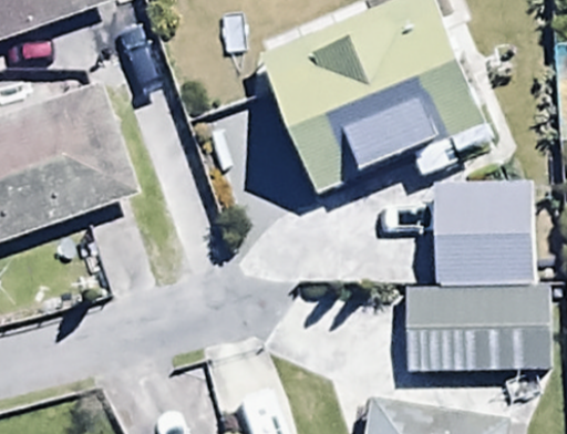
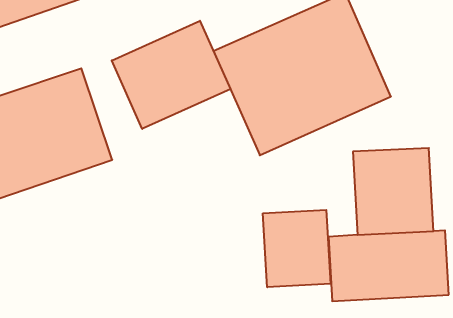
building: none -> [112,21,230,129]
building: none -> [263,210,331,287]

